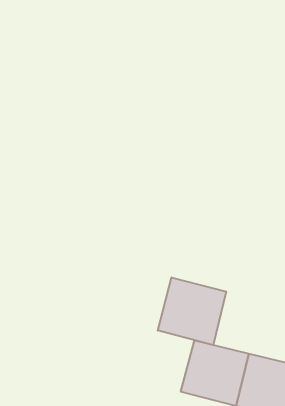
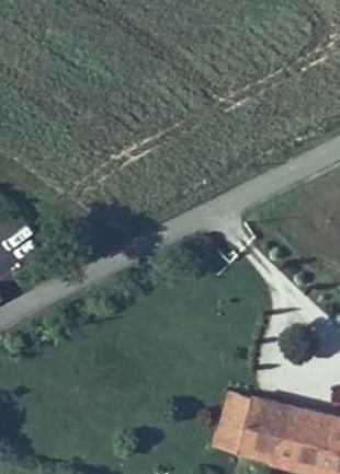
building: [158,277,226,345] -> none

